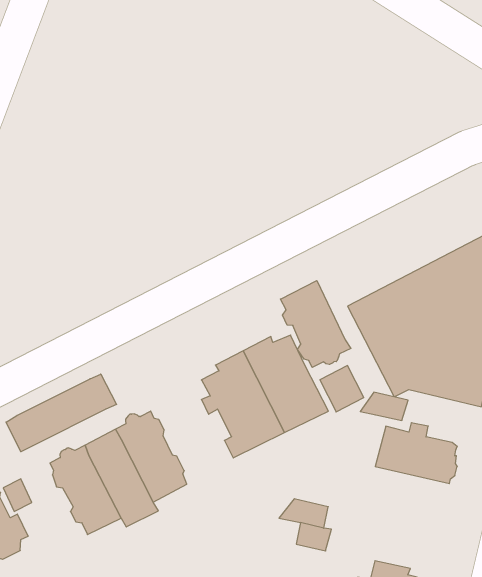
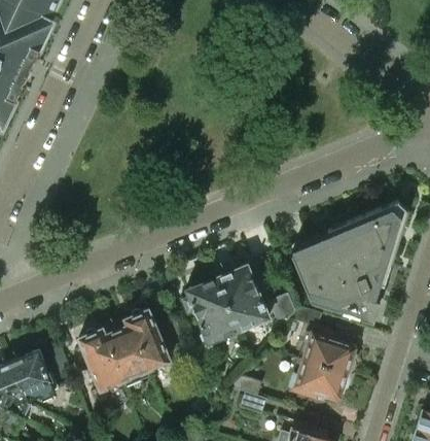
building: [280,281,351,367] -> none
building: [6,374,117,452] -> none
building: none -> [289,359,348,401]

